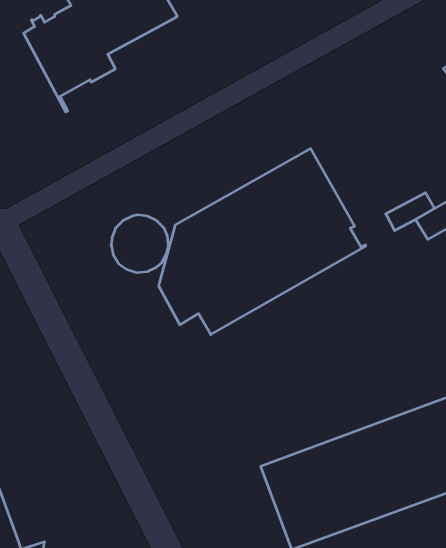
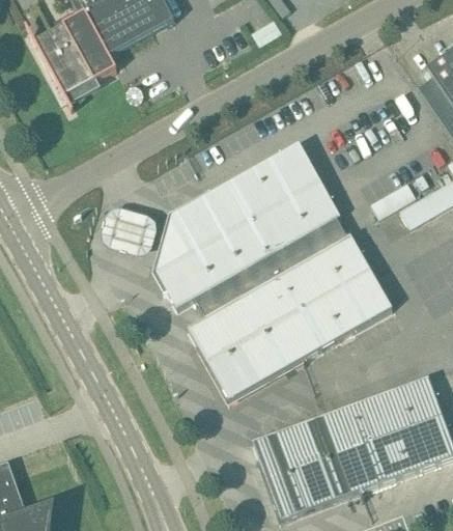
building: none -> [188,234,392,400]

